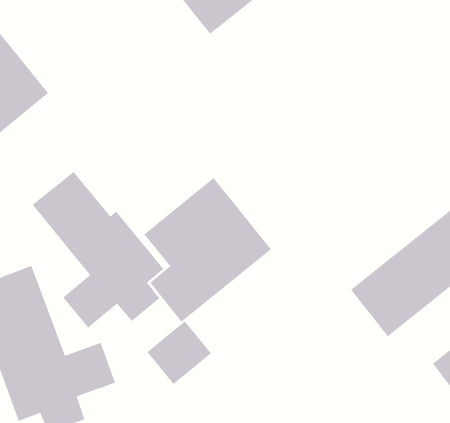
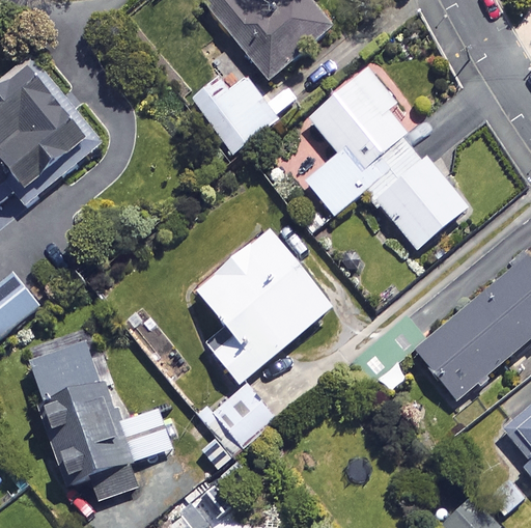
building: none -> [191,64,278,154]
building: none -> [305,70,468,249]
building: [32,171,164,329] -> none

